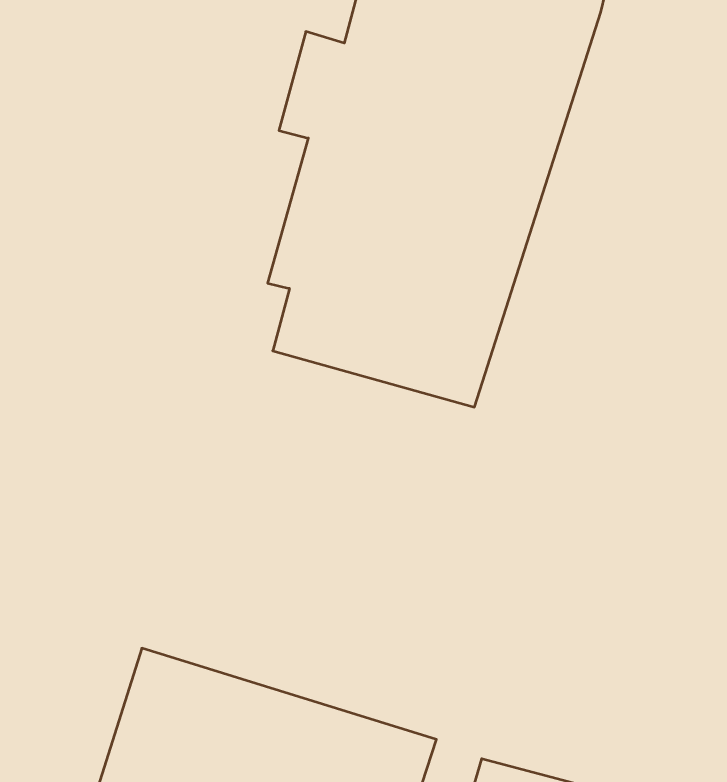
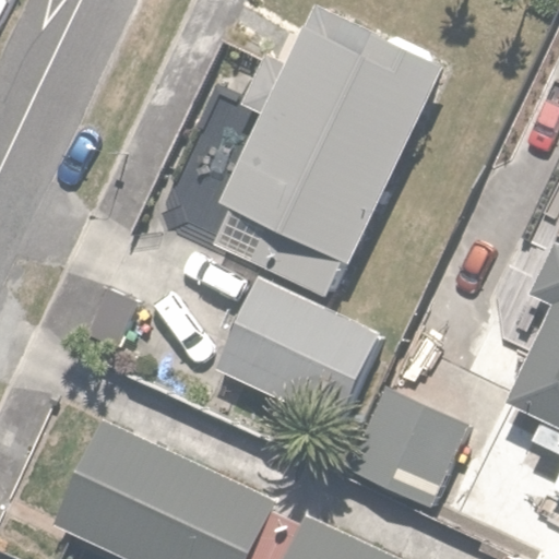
building: none -> [212,271,383,428]
building: none -> [345,386,464,507]

